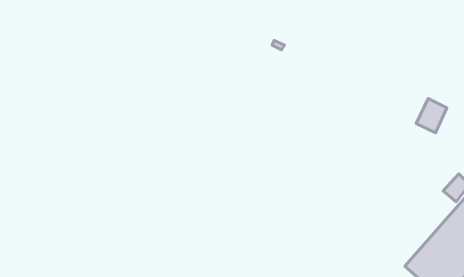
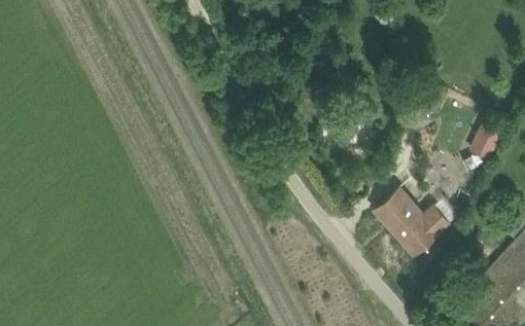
building: none -> [375,188,450,255]

